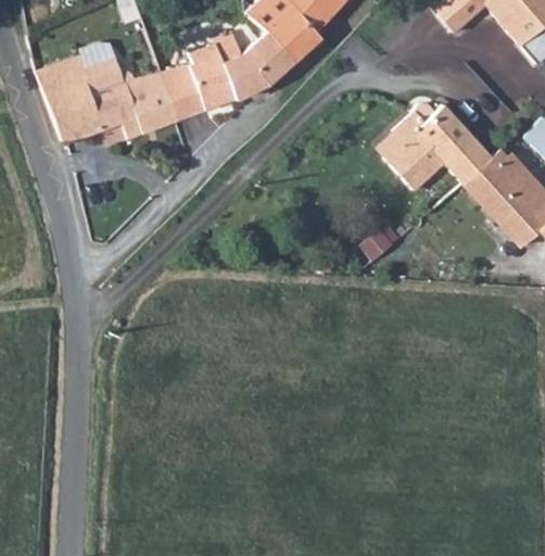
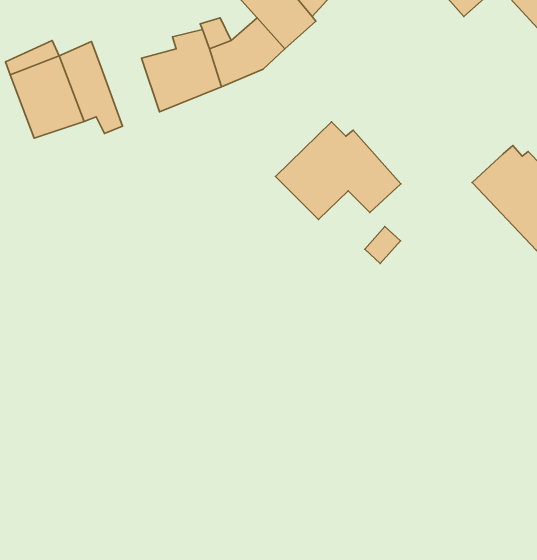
building: [127,71,179,132] -> none
building: [378,101,492,190] -> [276,122,401,220]

